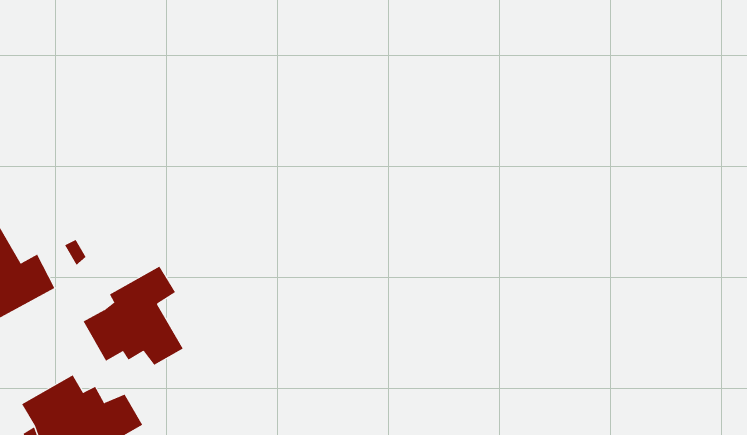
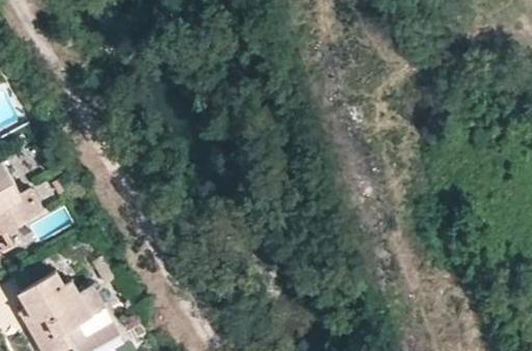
building: [83,266,183,365] -> none

